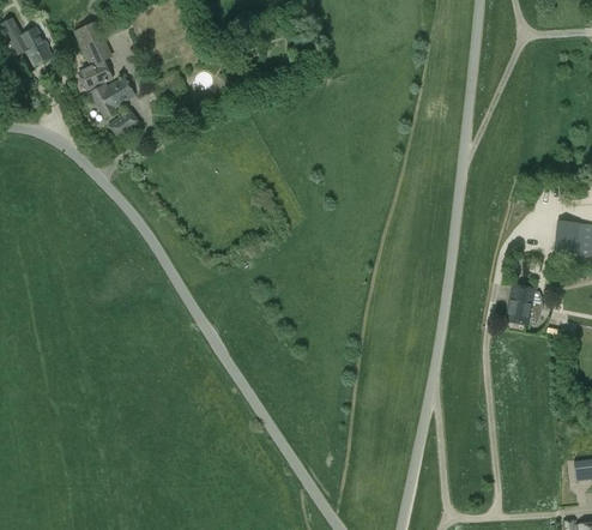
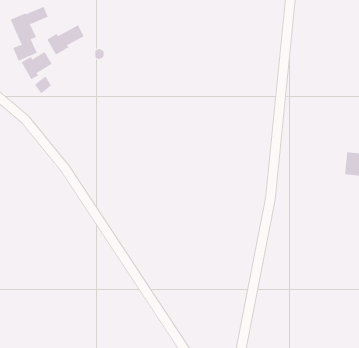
building: none -> [46,24,84,56]
building: [505,285,540,325] -> none

